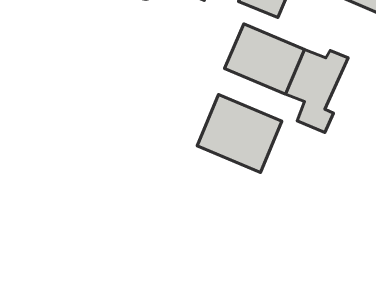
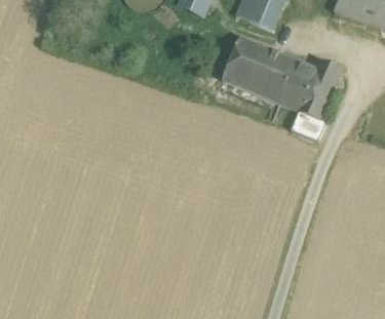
building: [197,94,282,173] -> none

